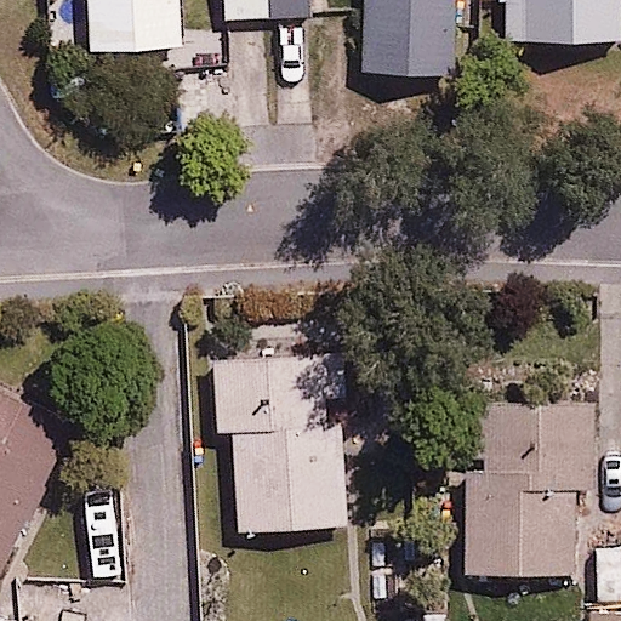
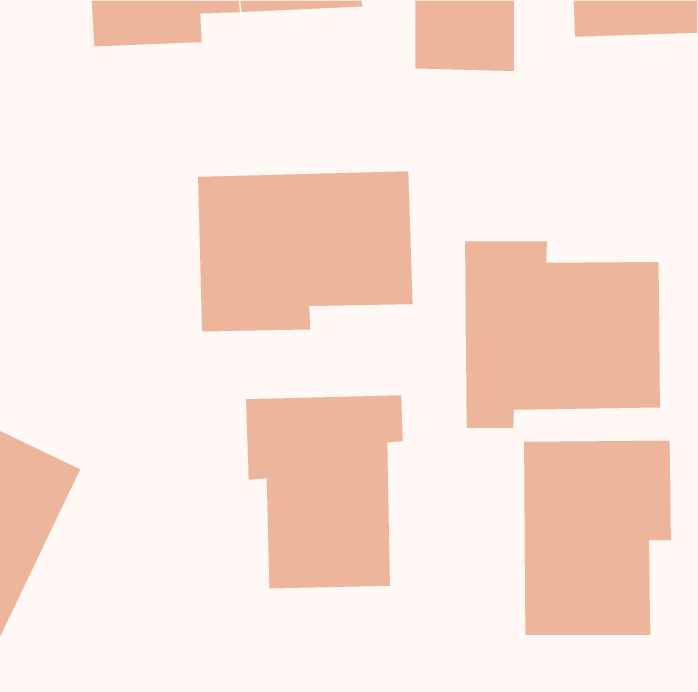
building: none -> [198,170,413,332]
building: none -> [465,240,661,429]

